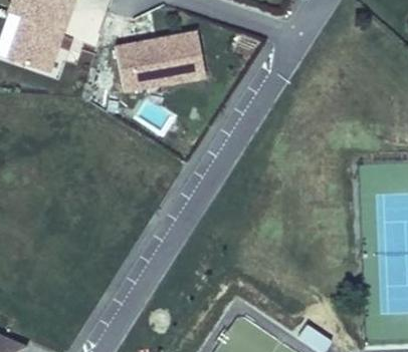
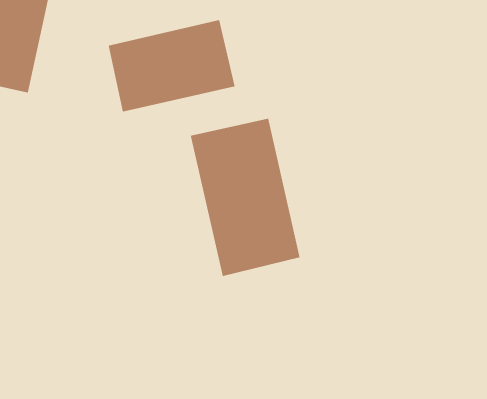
building: none -> [190,118,300,277]

